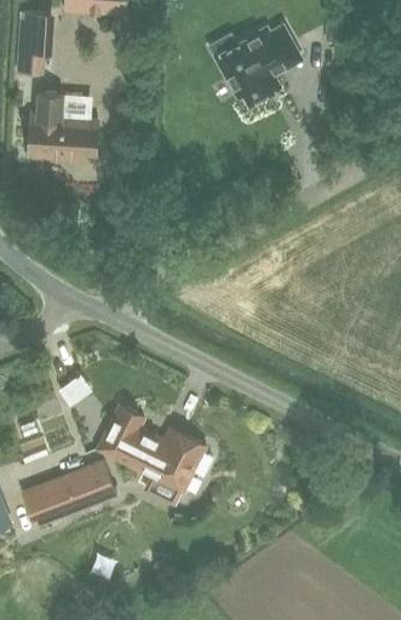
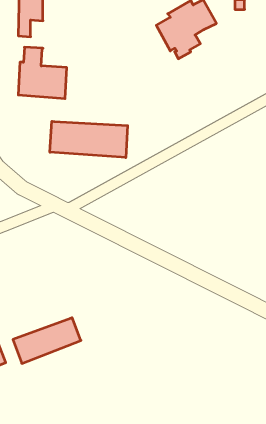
building: none -> [50,121,128,158]
building: [98,404,211,504] -> none

